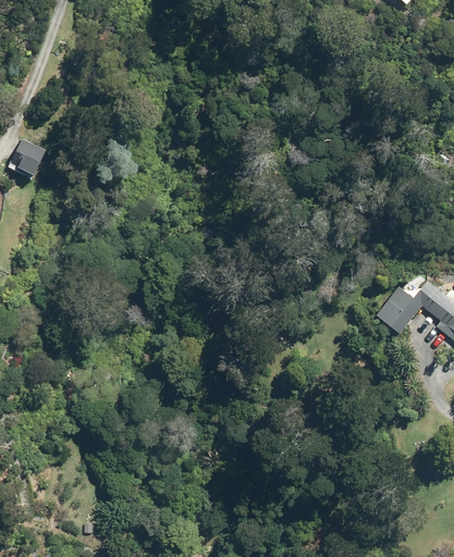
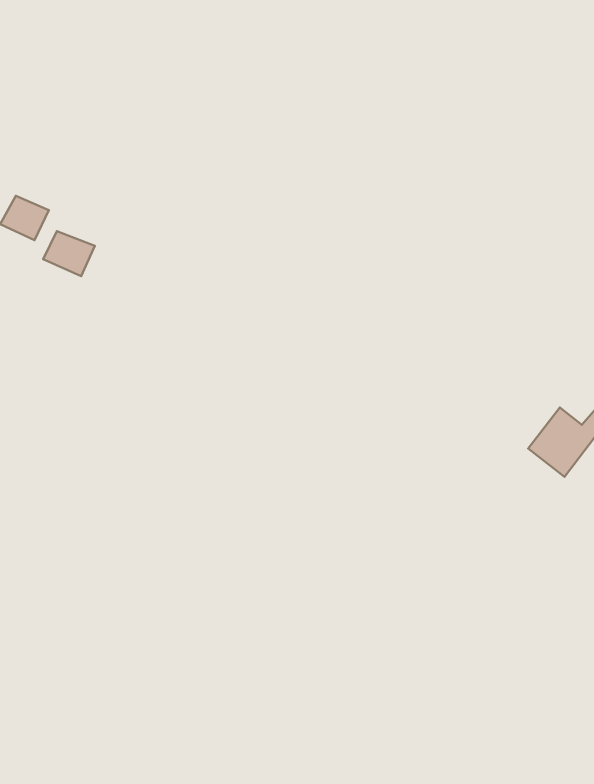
building: none -> [43,231,95,276]

